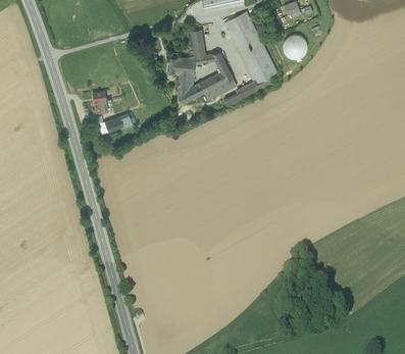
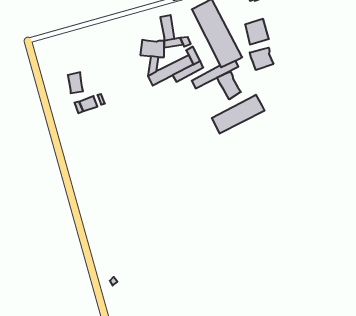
building: none -> [250,48,273,70]
building: none -> [217,71,241,99]
building: none -> [212,95,265,134]

